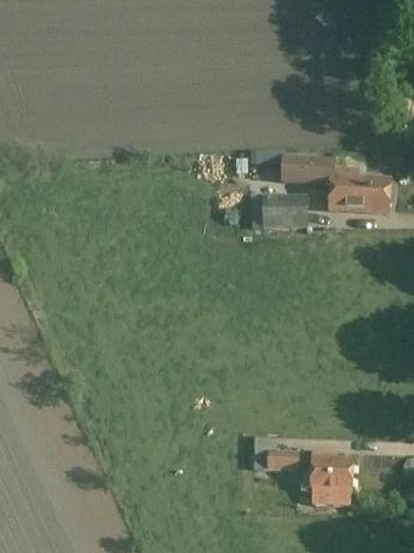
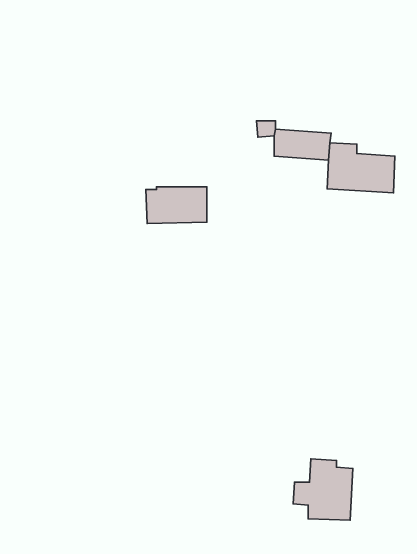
building: [252,195,306,227] -> [146,187,207,224]
building: [253,436,299,471] -> none

